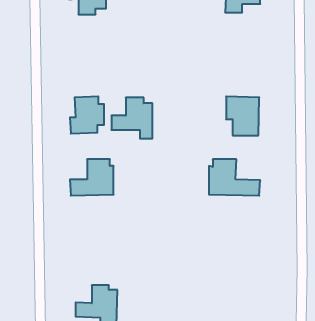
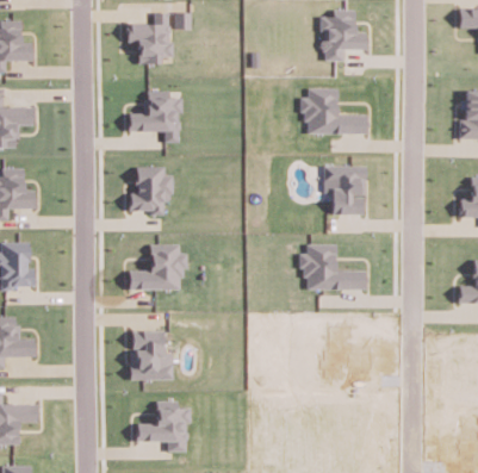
building: none -> [304,88,367,133]
building: [111,98,152,139] -> [129,91,180,142]
building: none -> [131,330,173,379]

